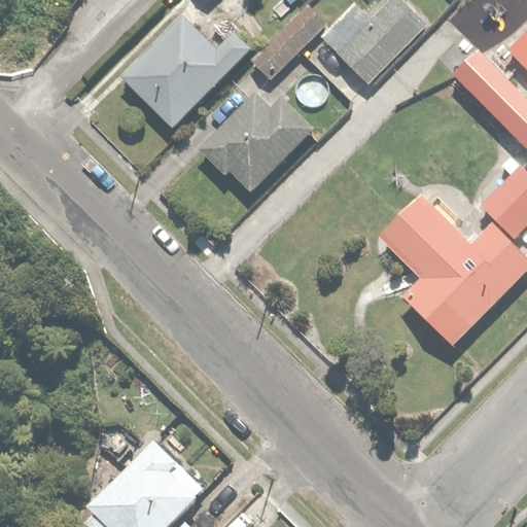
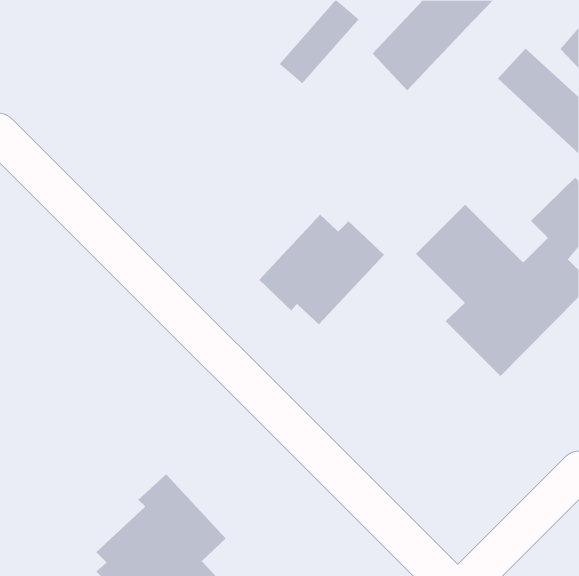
building: [118,12,254,134] -> none
building: [199,92,313,192] -> [259,214,385,325]

